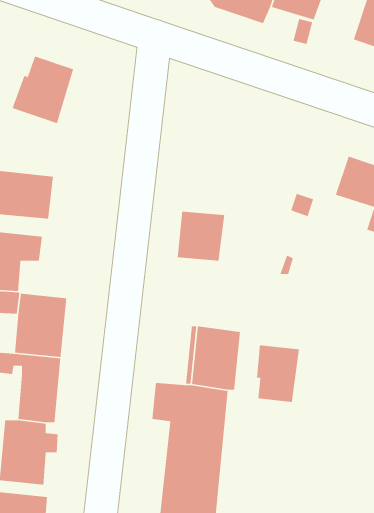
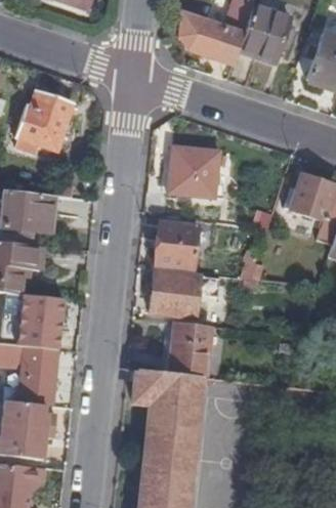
building: none -> [170,150,219,198]
building: none -> [152,269,202,315]
building: [256,345,300,403] -> none

